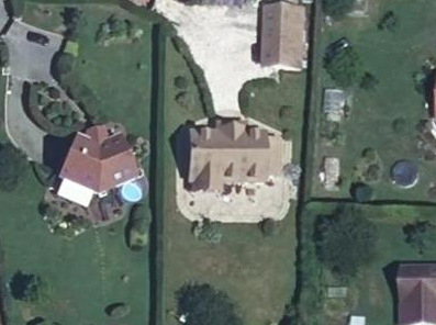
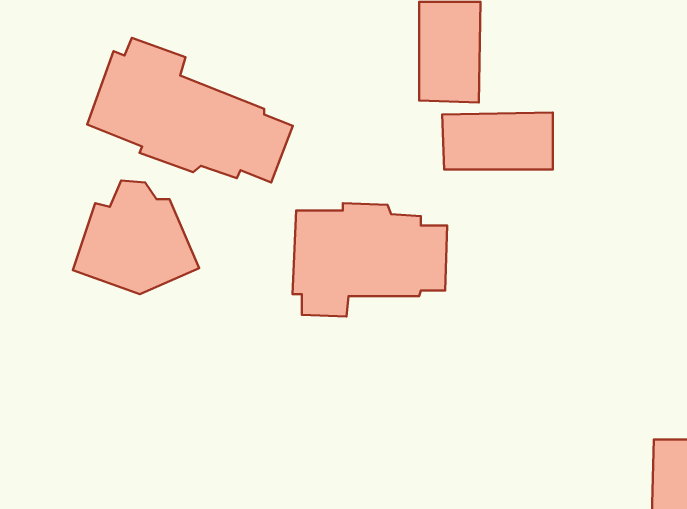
building: none -> [87,38,293,183]
building: none -> [442,113,553,170]

